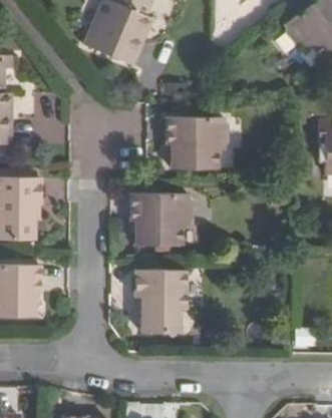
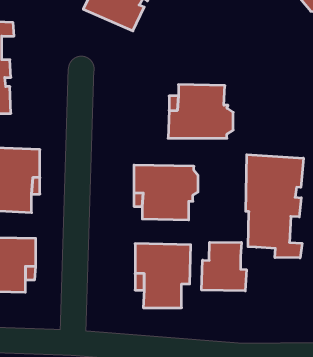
building: none -> [246,155,303,258]
building: none -> [202,242,246,291]

